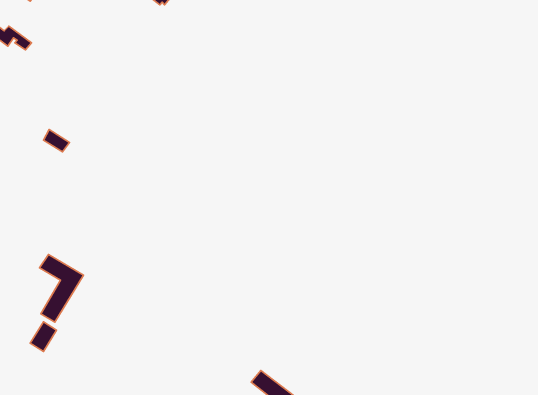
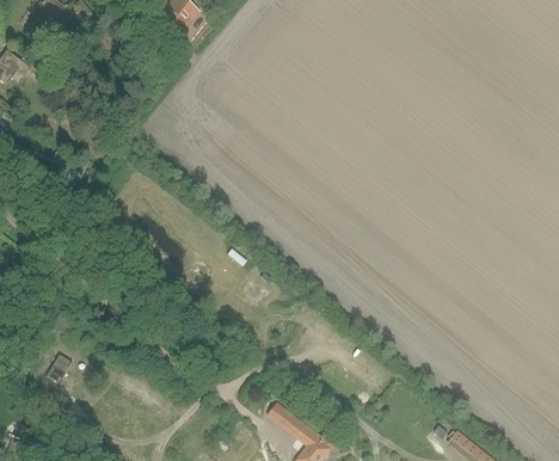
building: [40,255,83,322] -> none

